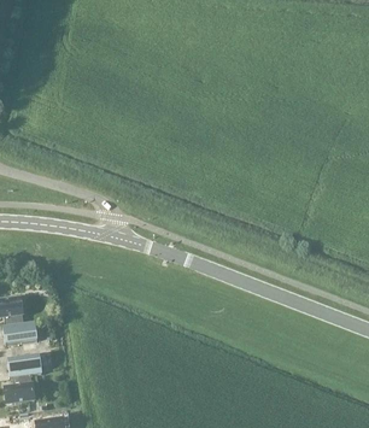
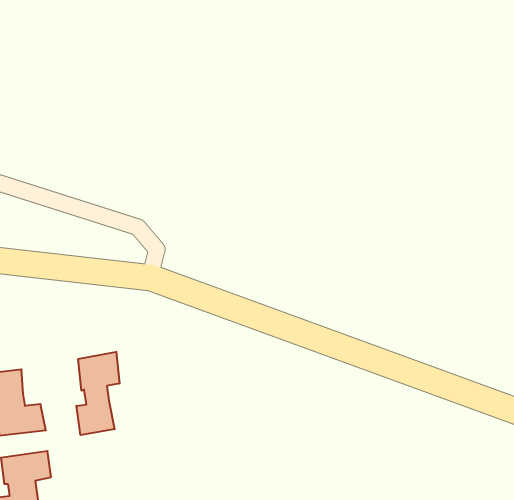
building: none -> [76,352,120,435]

